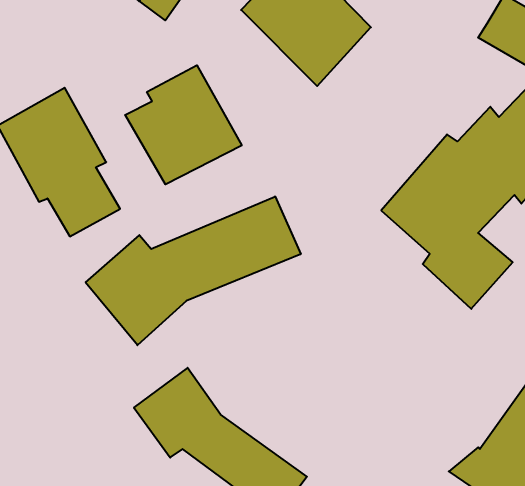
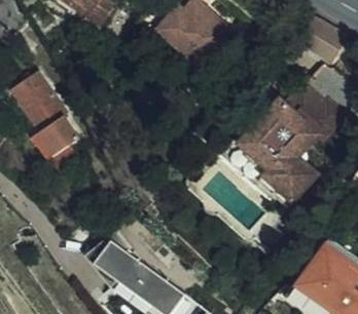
building: [125,65,242,184] -> none
building: [86,196,301,345] -> none

